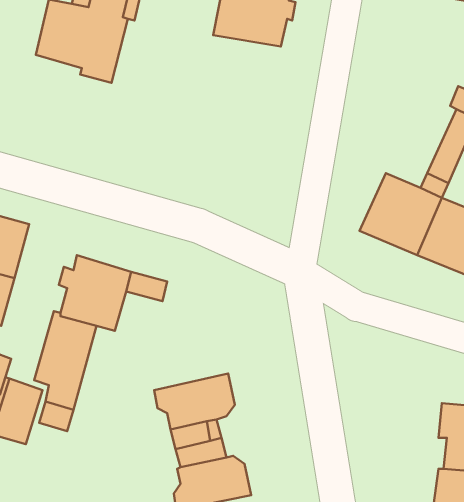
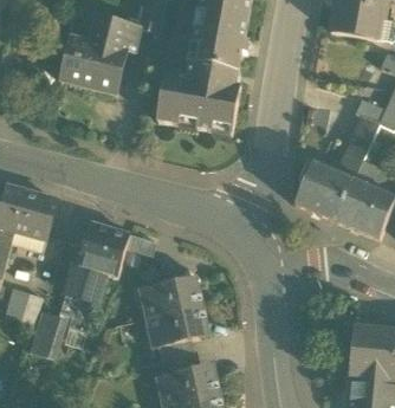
building: none -> [156,61,239,132]
building: none -> [143,277,199,317]

